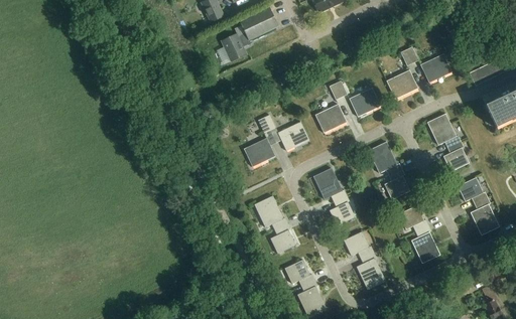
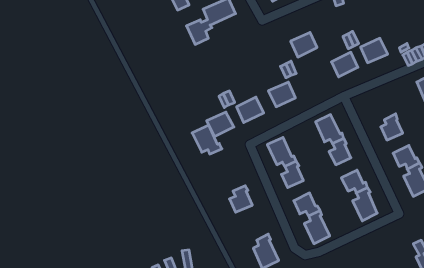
building: [350,89,380,117] -> [291,32,317,57]
building: [427,114,461,148] -> none
building: [254,196,288,229] -> [192,125,222,154]
building: [284,260,314,286] -> none

